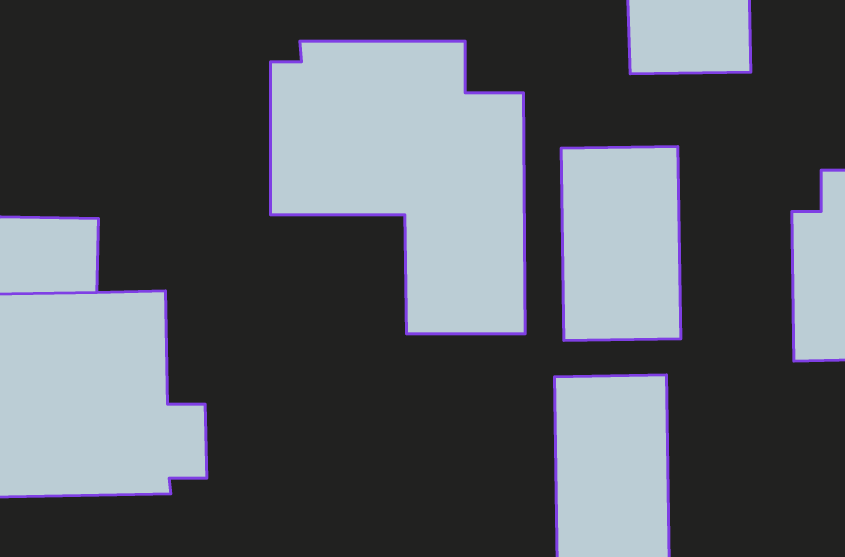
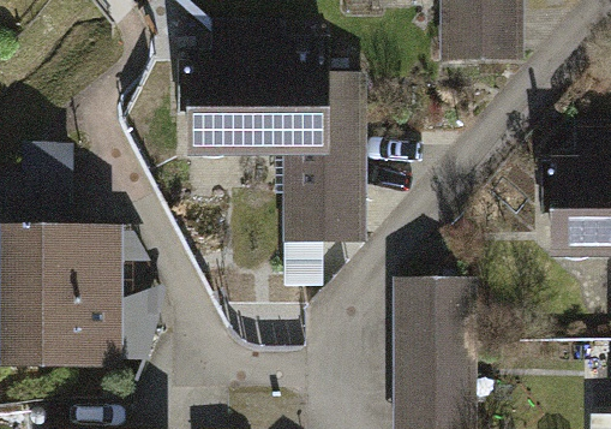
building: [561,147,681,341] -> none

